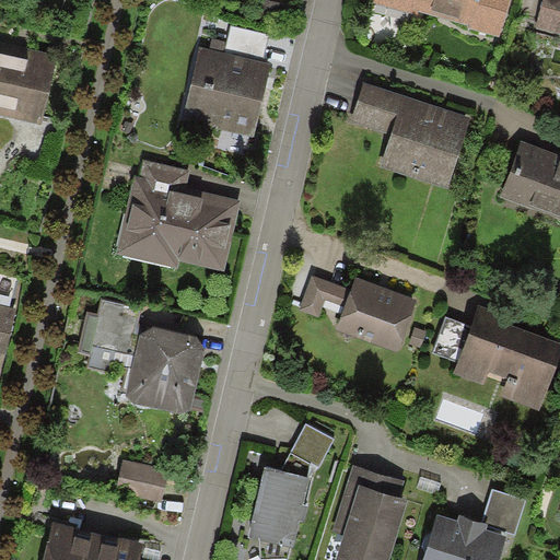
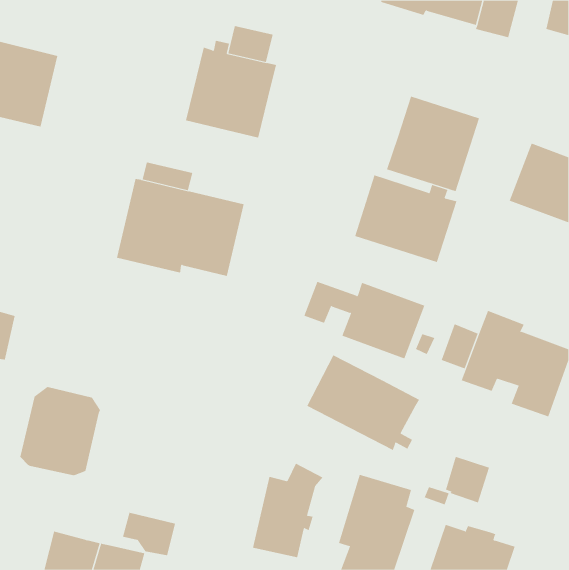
building: [349,81,402,135] -> none
building: none -> [354,174,457,263]
building: [92,299,138,353] -> none
building: [125,326,205,413] -> [19,386,101,476]
building: none -> [306,355,420,451]
building: [290,424,332,468] -> none
building: [116,459,168,502] -> [122,512,176,556]
building: [481,489,525,535] -> [445,456,490,503]

